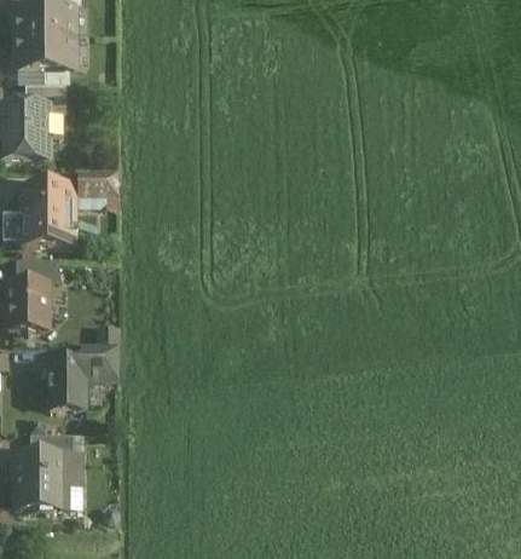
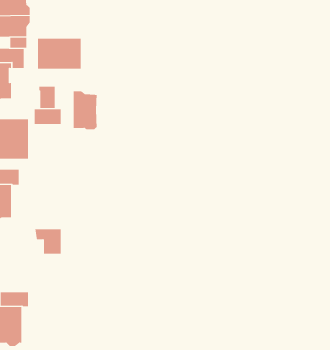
building: none -> [37,38,81,69]
building: none -> [39,86,55,109]
building: none -> [73,90,97,130]
building: [48,361,92,410] -> none

